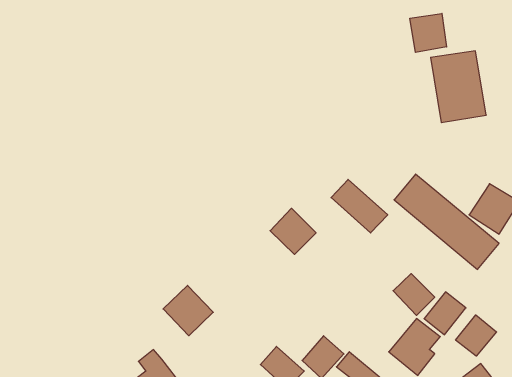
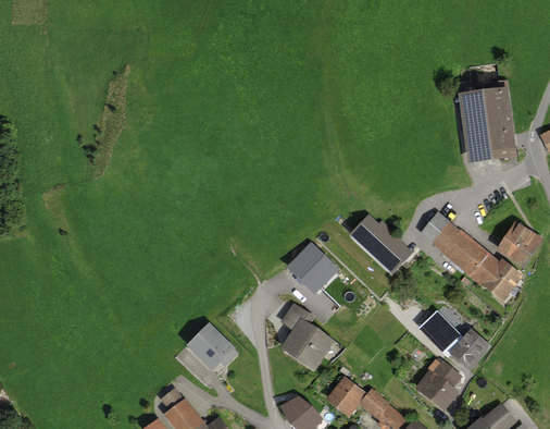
building: [410,13,447,52] -> none
building: none -> [278,302,336,375]
building: [456,315,497,356] -> none

